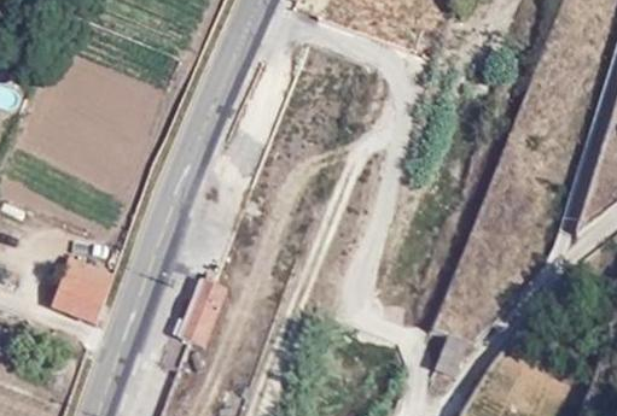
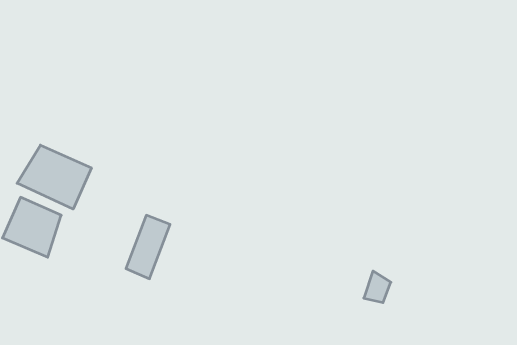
building: none -> [17,145,91,209]

